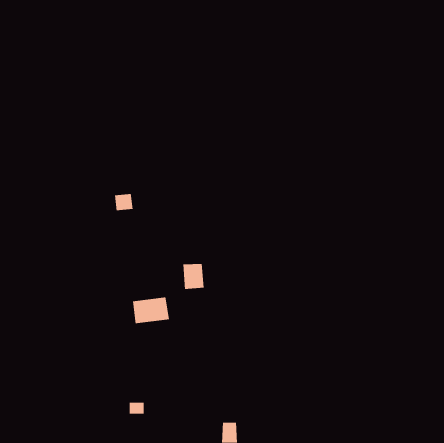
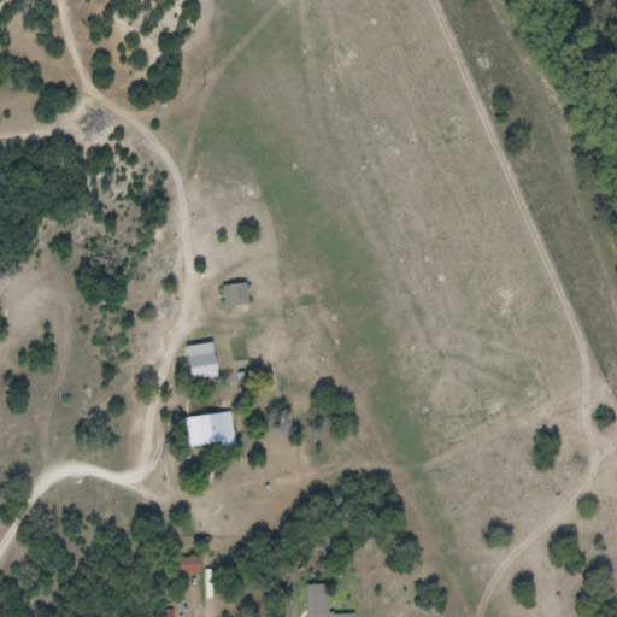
building: [114,193,133,211] -> [223,283,249,307]
building: [183,263,204,290] -> [187,343,217,380]

